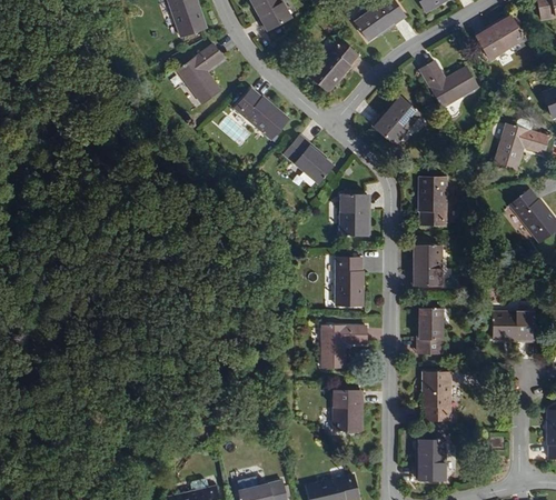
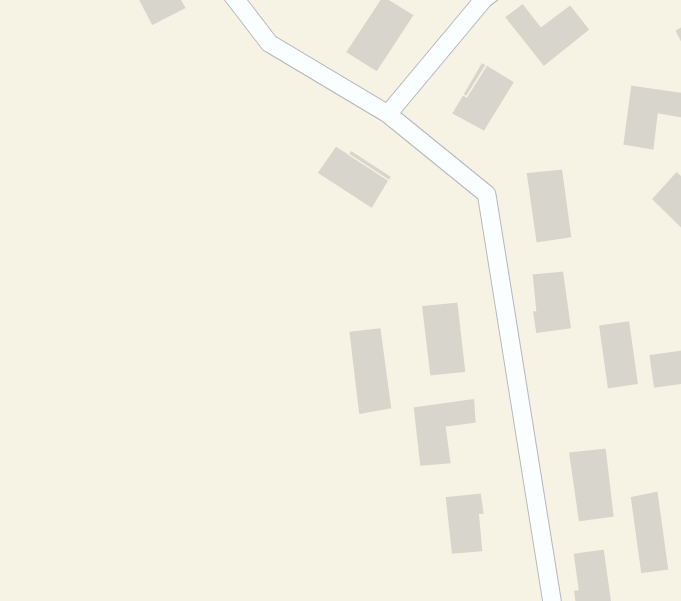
building: [182,44,228,104] -> none
building: [231,90,285,141] -> none
building: [338,193,365,234] -> none
building: none -> [349,328,392,415]
building: [421,307,444,351] -> [598,321,639,389]
building: none -> [630,491,669,574]

